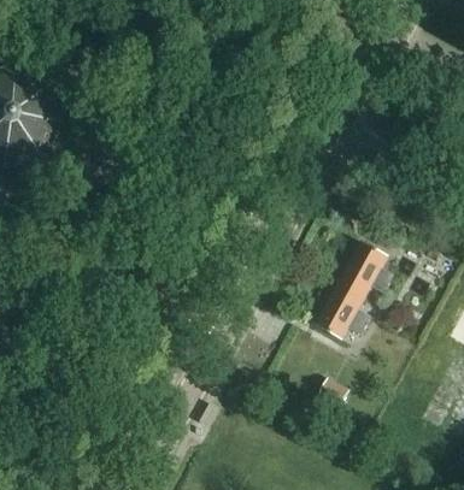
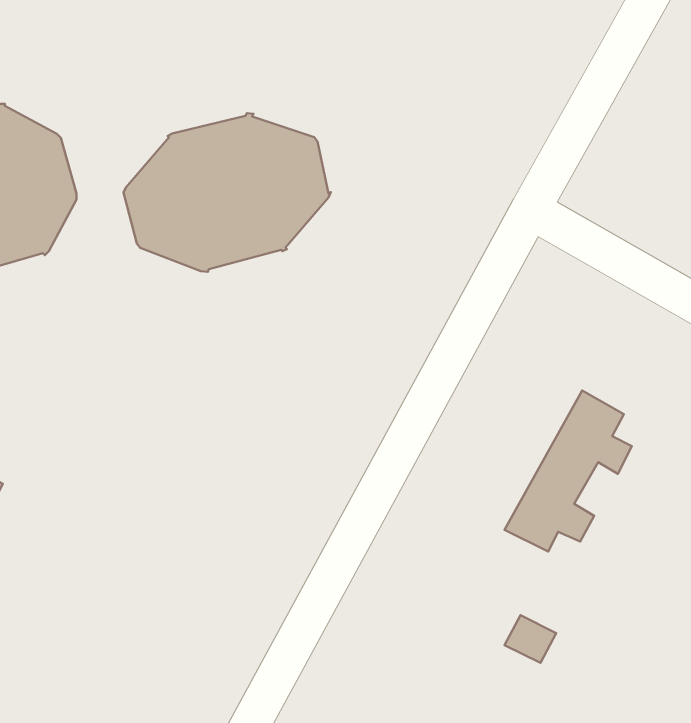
building: none -> [124,113,331,272]

